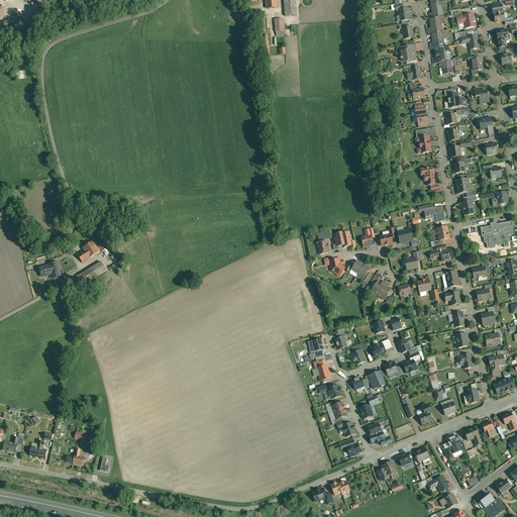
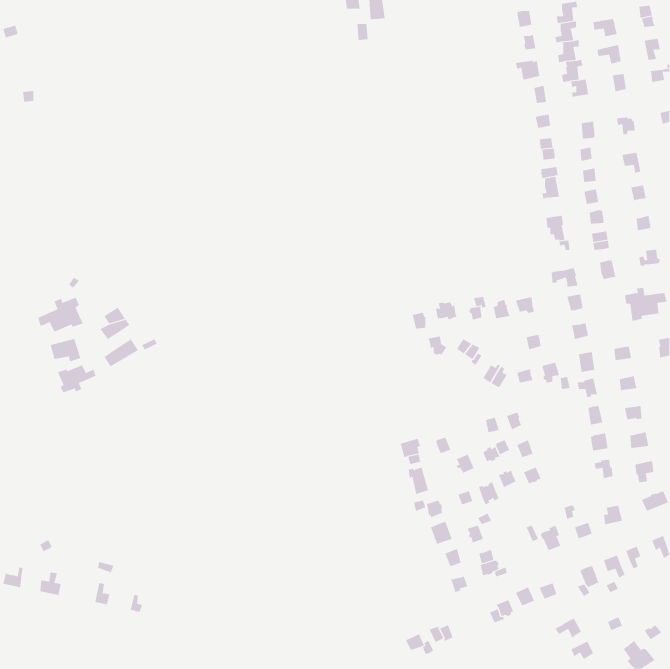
building: none -> [38,297,83,333]
building: none -> [57,364,96,393]

